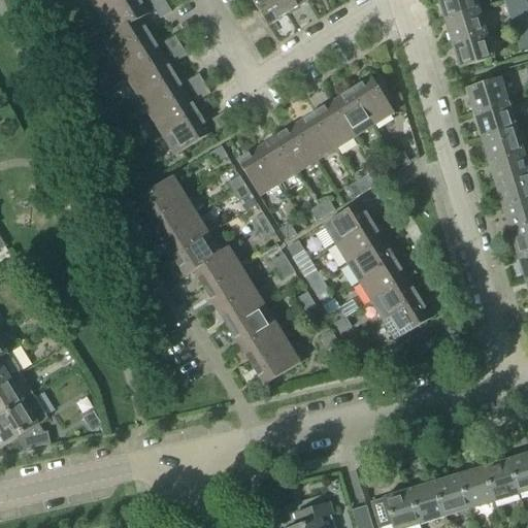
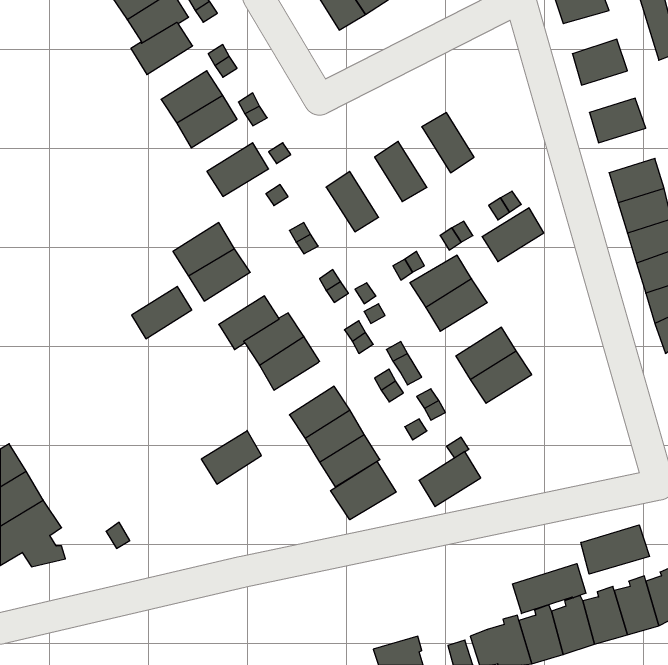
building: [444,8,487,42] -> none
building: [117,36,164,78] -> none
building: [353,76,395,124] -> none
building: [152,94,200,135] -> none
building: [315,100,356,147] -> none
building: [472,101,517,136] -> none
building: [276,124,318,171] -> none
building: [237,147,280,196] -> none
building: [162,214,209,256] -> [132,286,192,339]
building: [348,238,396,280] -> [482,208,544,262]
building: [217,285,264,327] -> [201,430,261,484]
building: [384,295,432,338] -> [419,452,481,507]
building: none -> [331,462,396,520]
building: none -> [581,525,650,574]
building: none -> [512,564,586,614]

